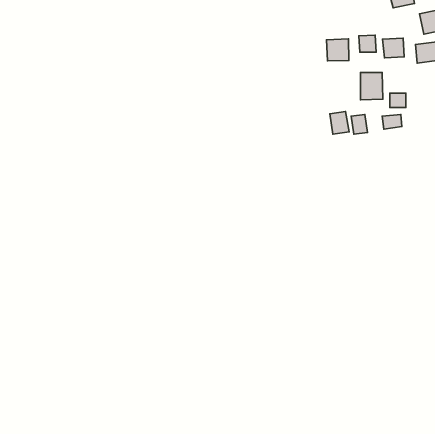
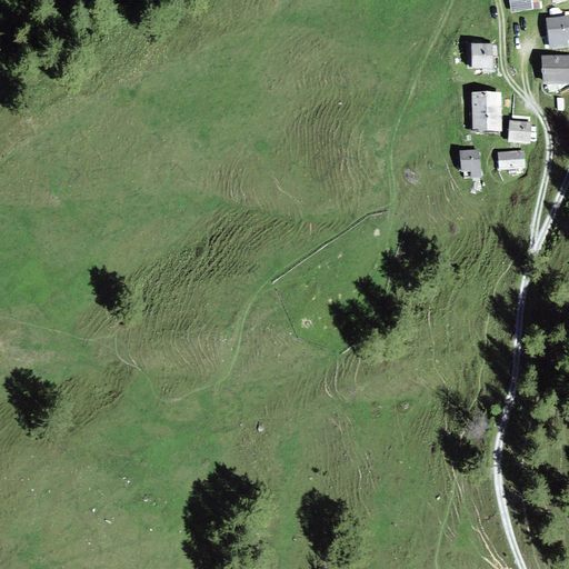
building: [383,38,404,58] -> none
building: [326,39,349,61] -> none
building: [330,111,349,134] -> none

